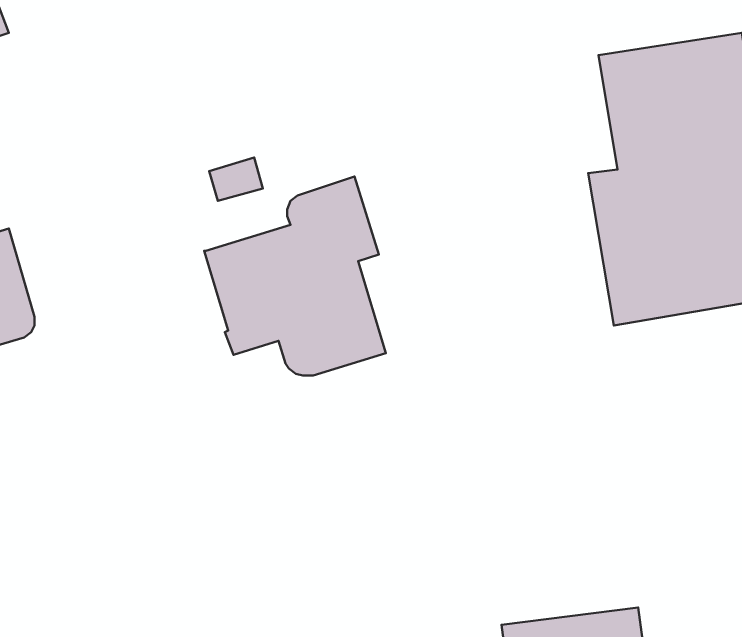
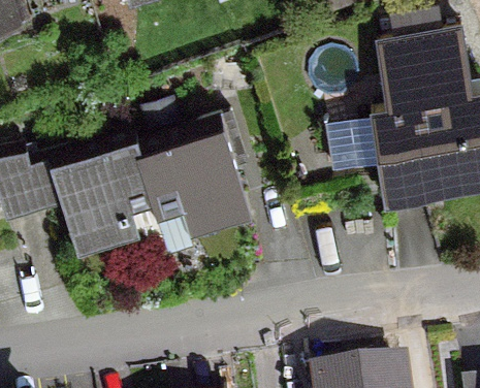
building: none -> [50,143,154,255]

